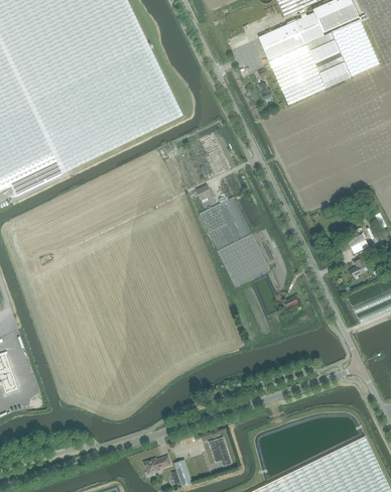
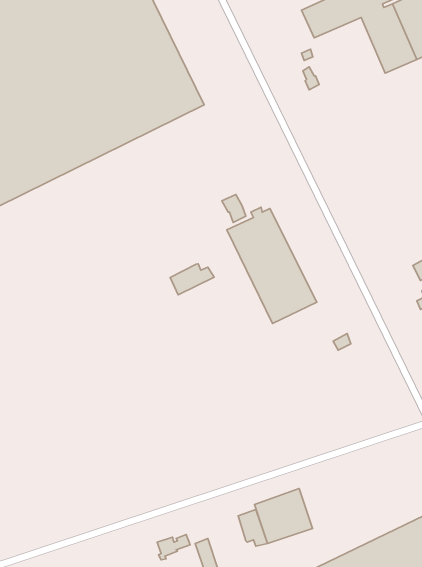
building: [268,43,324,104] -> none
building: none -> [170,264,214,295]
building: none -> [255,489,313,544]

